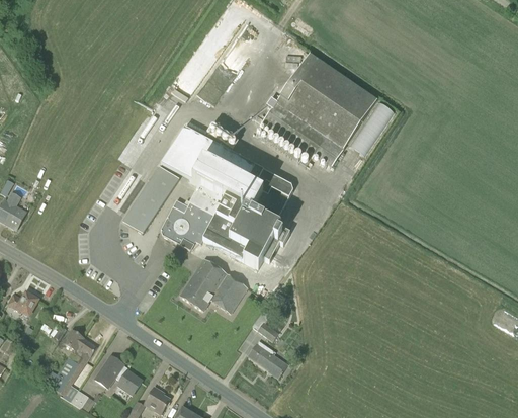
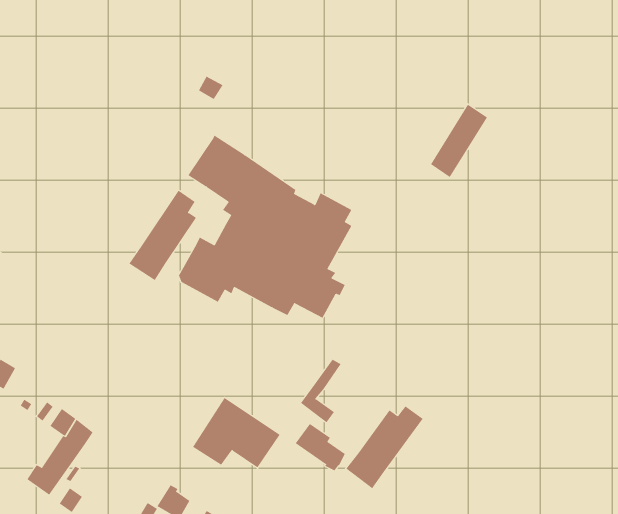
building: [260,54,375,158] -> none
building: [180,259,247,313] -> [192,397,280,468]
building: none -> [345,406,424,489]
building: [94,356,142,395] -> none

